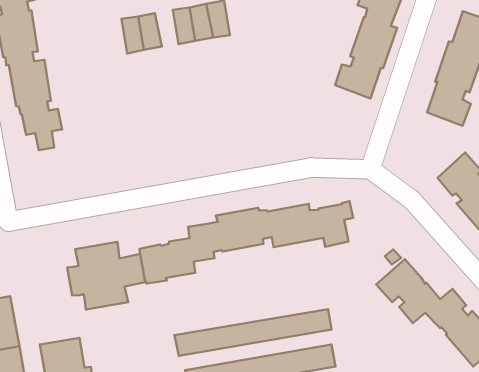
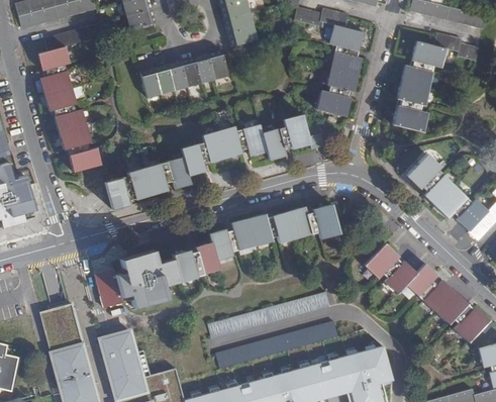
building: none -> [167,61,188,91]
building: none -> [105,114,323,209]
building: none -> [95,269,122,308]

